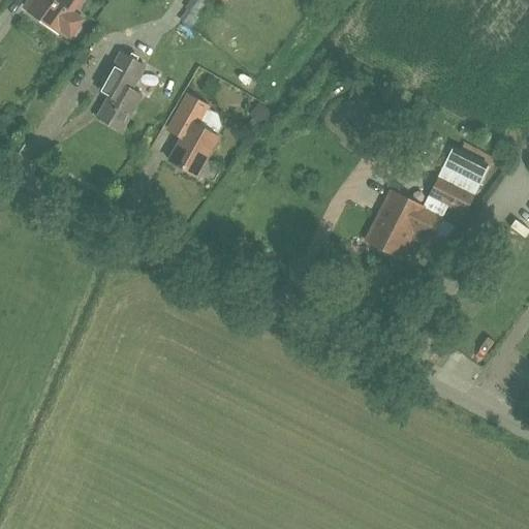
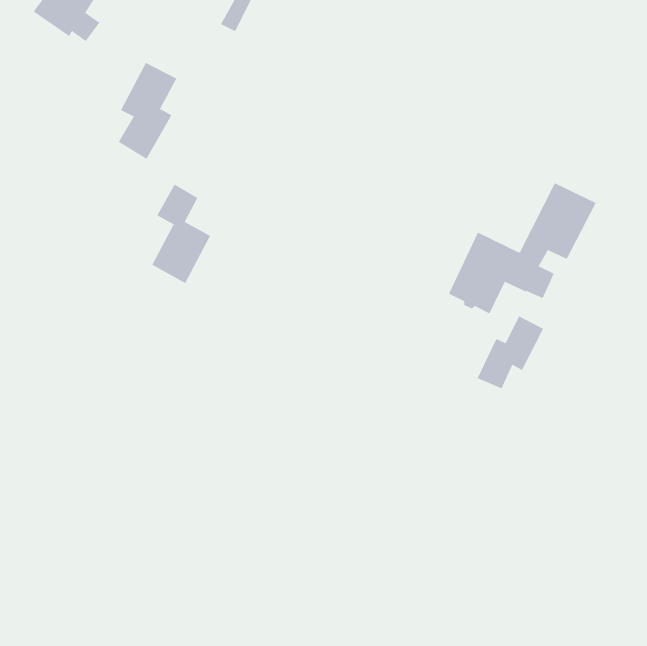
building: [168,94,217,176] -> [151,184,211,284]
building: none -> [477,316,544,389]

